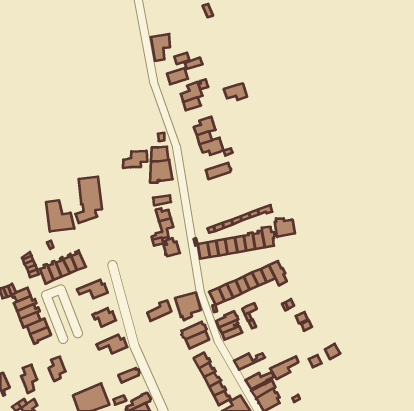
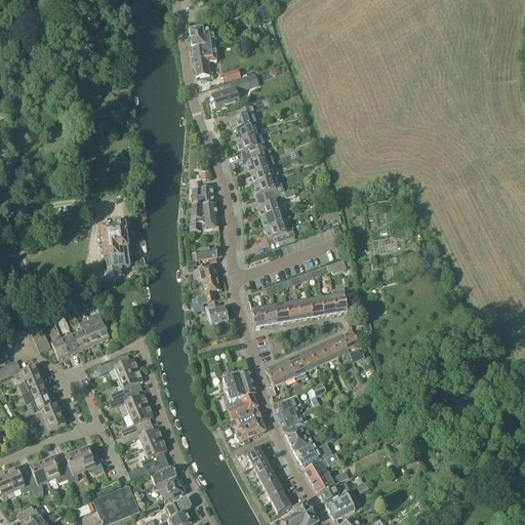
building: none -> [189,26,214,47]
building: [224,84,247,100] -> [235,132,265,153]
building: [123,151,147,168] -> none
building: none -> [256,192,289,215]
building: none -> [264,217,296,239]
building: [46,200,74,232] -> none
building: [275,218,295,237] -> none
building: none -> [118,370,142,397]
building: [147,301,171,321] -> [227,393,257,418]
building: none -> [128,405,152,432]
building: none -> [285,423,315,456]
building: none -> [142,439,168,472]
building: none -> [76,446,103,472]
building: [270,356,298,379] -> [302,452,338,481]
building: none -> [40,456,67,482]
building: none -> [4,467,32,492]
building: none -> [157,475,184,500]

